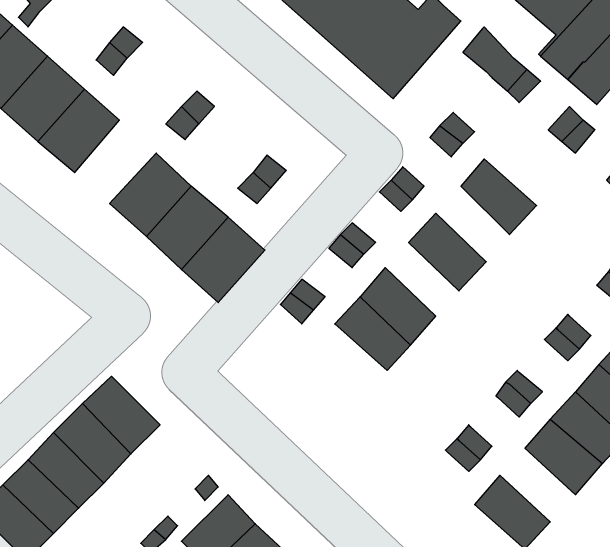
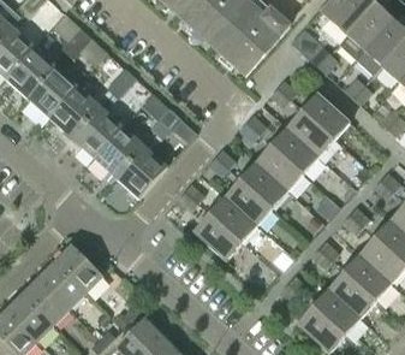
building: none -> [49,85,100,137]
building: none -> [303,93,351,138]
building: none -> [273,126,318,173]
building: none -> [242,161,287,207]
building: none -> [193,212,243,260]
building: none -> [312,289,359,335]

